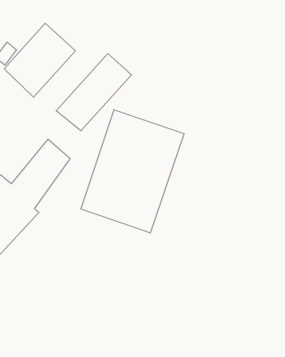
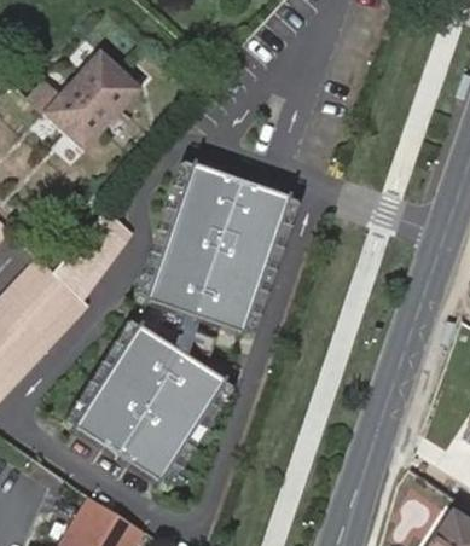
building: [56,54,132,131] -> none
building: none -> [74,326,224,480]

